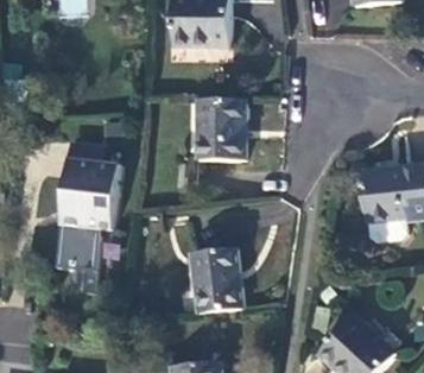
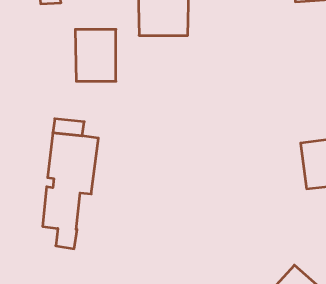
building: [197,99,245,159] -> [75,29,116,81]
building: [191,247,242,312] -> none

